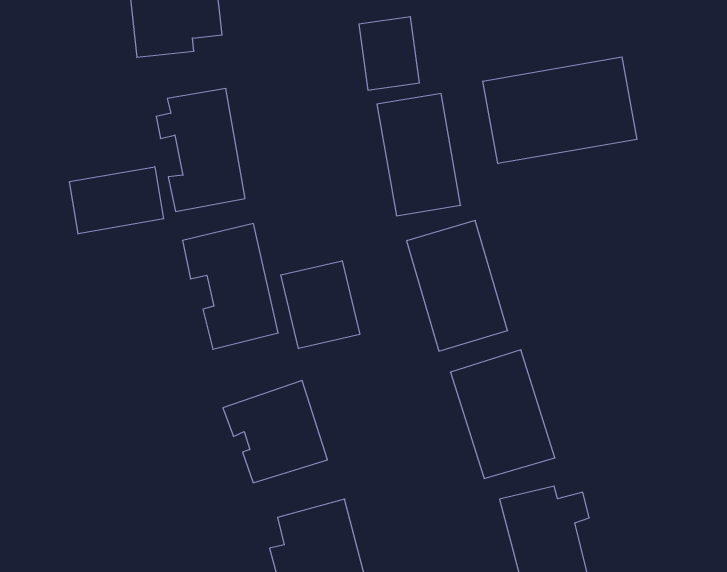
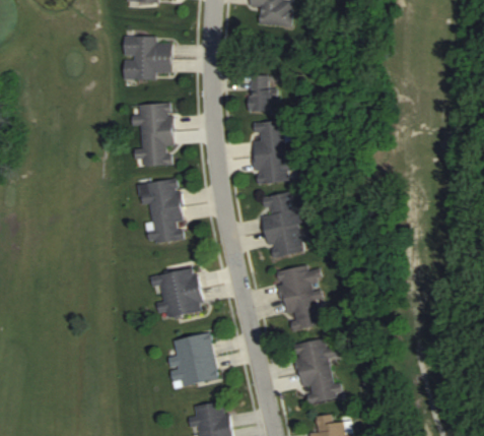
building: [483,57,637,164] -> none
building: [69,167,163,234] -> none
building: [281,261,360,349] -> none

